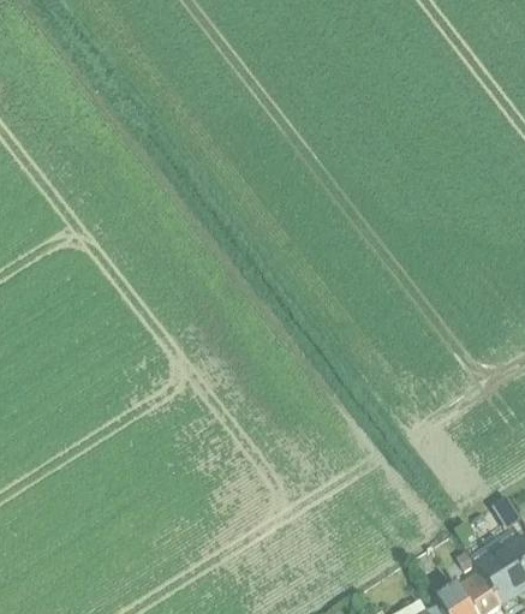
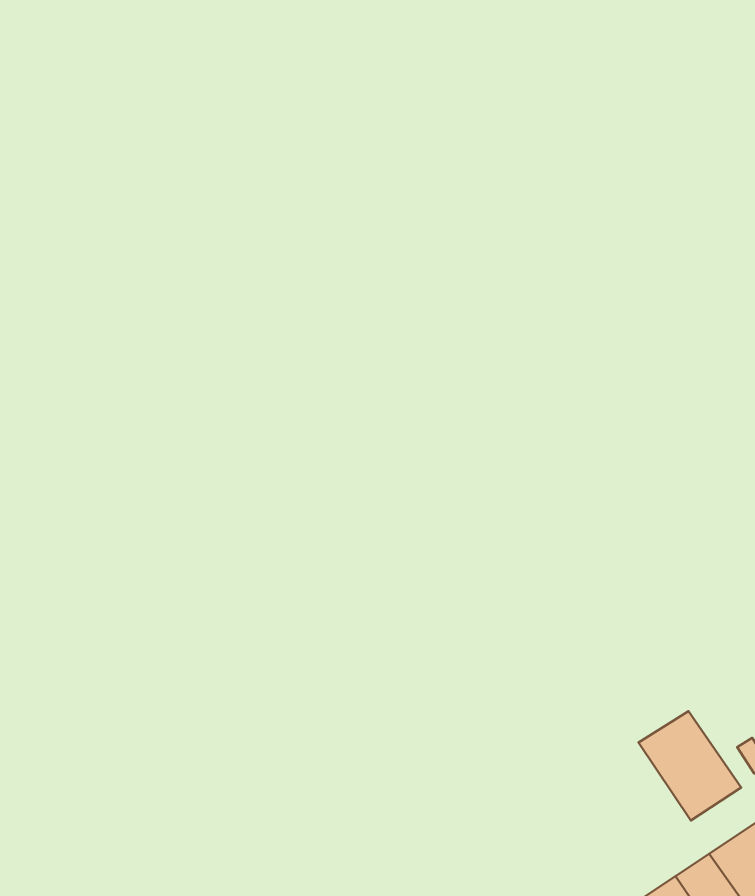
building: none -> [639,711,741,821]

